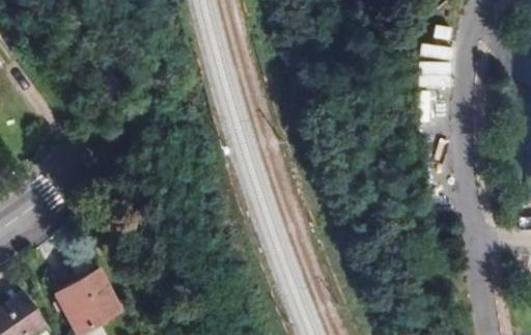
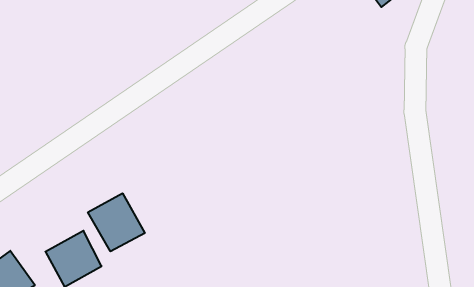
building: none -> [88,193,145,251]

